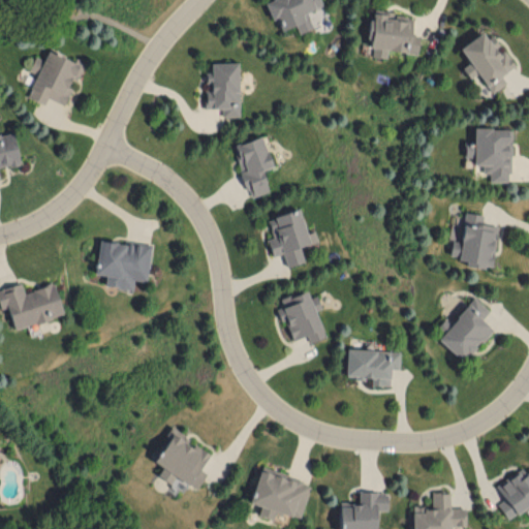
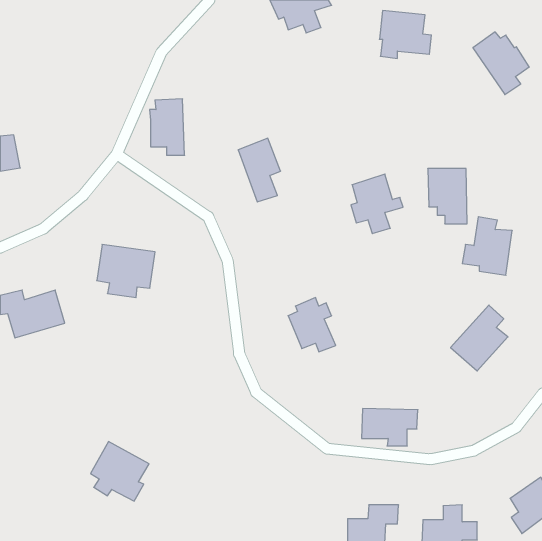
building: [28,51,83,106] -> none
building: [206,63,240,118] -> [150,99,185,155]
building: [474,129,512,183] -> [428,169,467,224]
building: [268,210,318,268] -> [351,174,403,234]
building: [347,350,402,386] -> [362,409,418,446]
building: [154,432,211,490] -> [91,442,149,501]
building: [249,468,311,521] -> none

